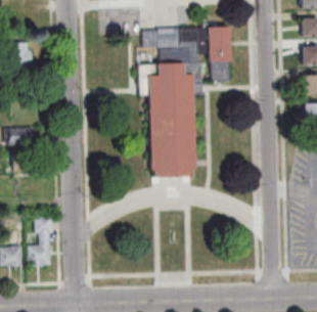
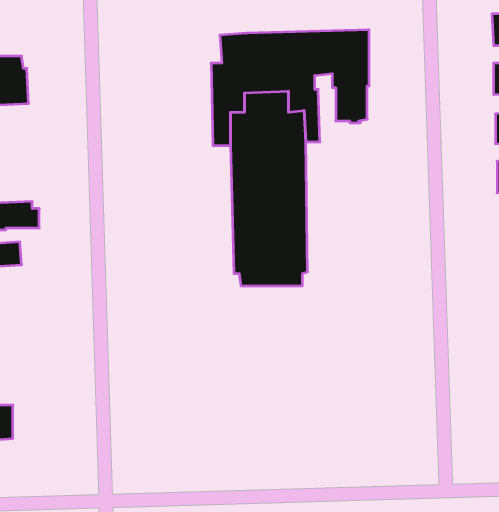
building: [30,217,54,266] -> none

